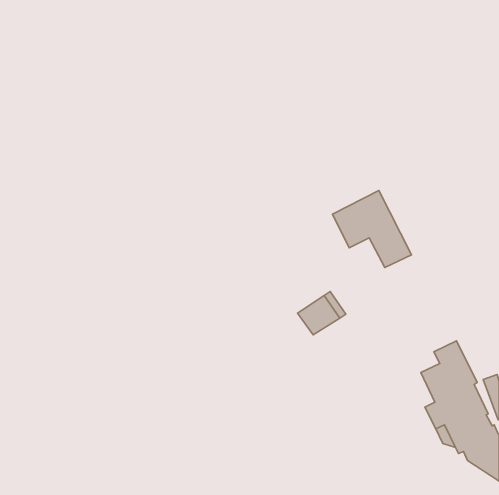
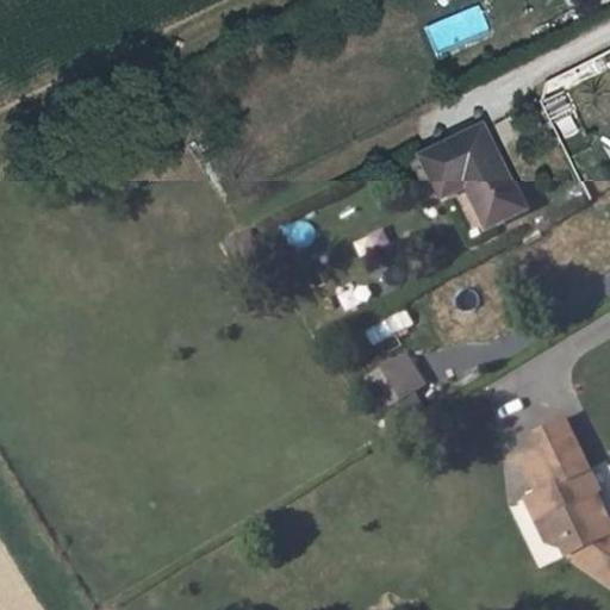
building: [332,191,412,268] -> [434,130,529,223]

